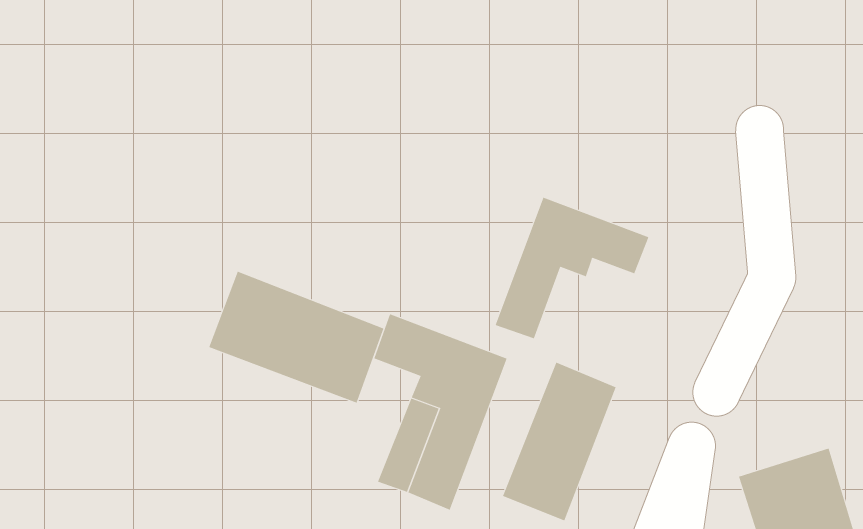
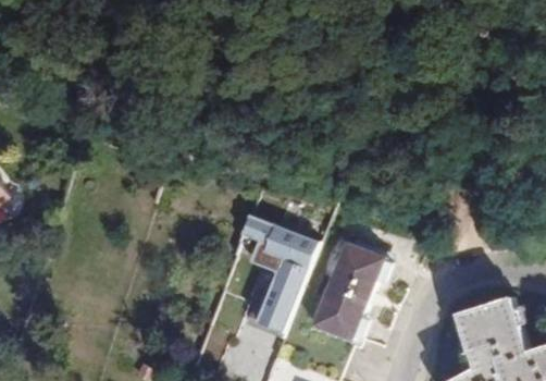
building: [495,197,649,339] -> none
building: [209,271,384,403] -> none

